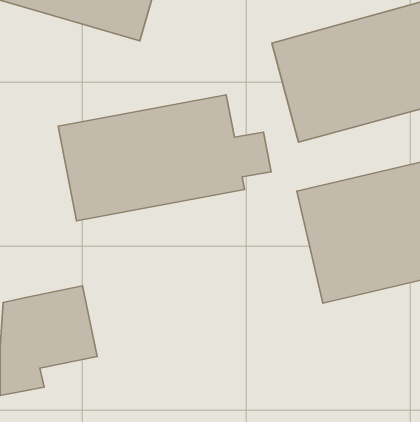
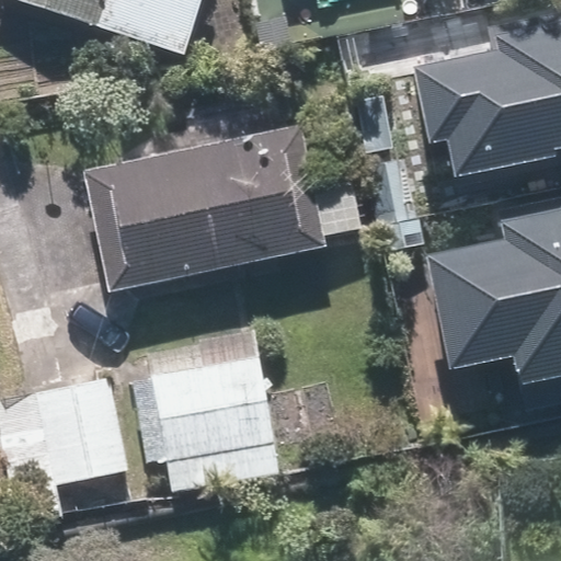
building: none -> [153,328,285,494]

